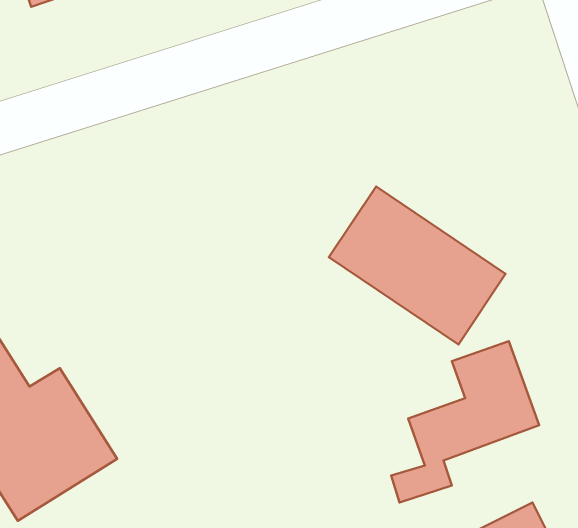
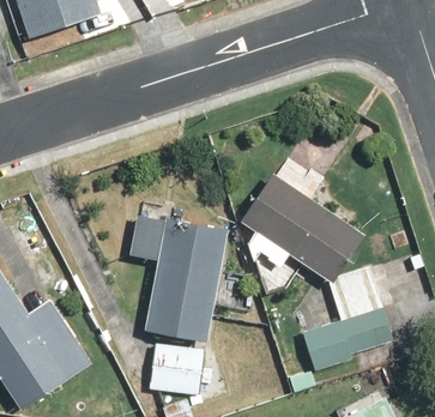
building: none -> [128,210,232,340]
building: none -> [147,348,206,394]

